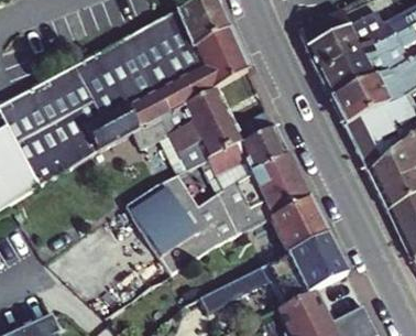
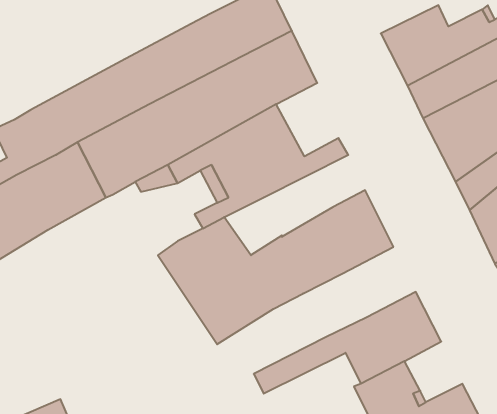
building: [209,126,288,189] -> none
building: [271,197,328,252] -> none

